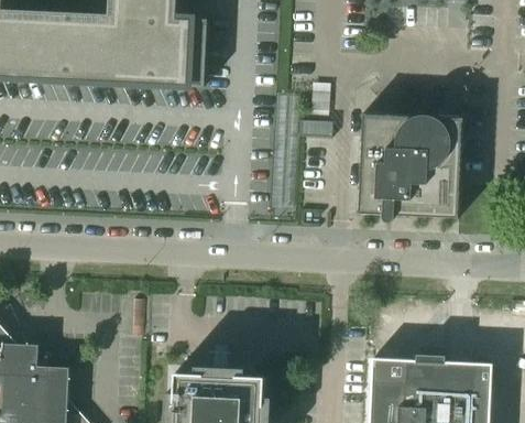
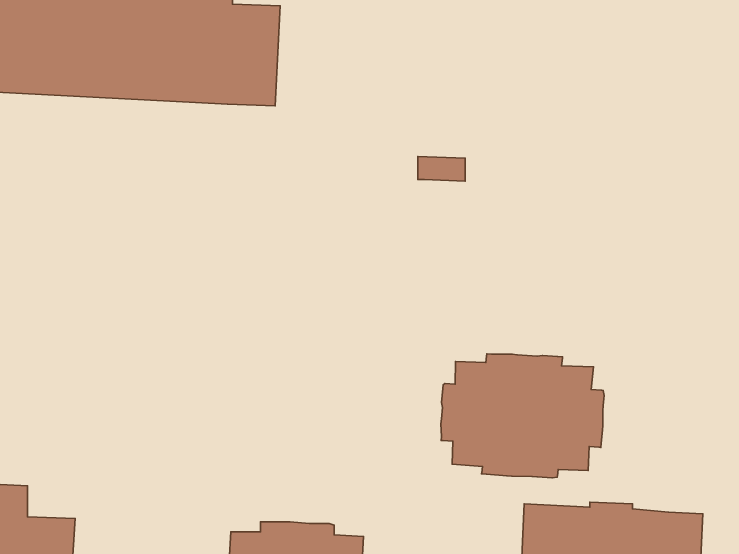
building: [357,113,462,223] -> none
building: none -> [441,354,604,478]

